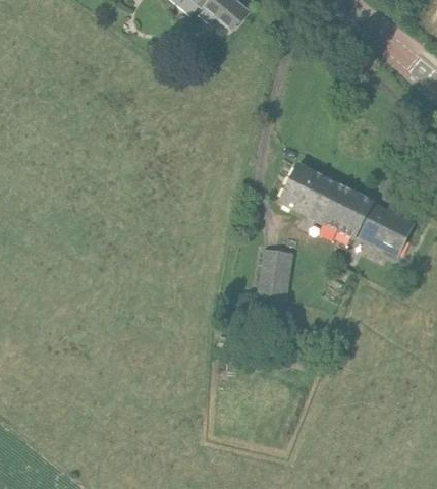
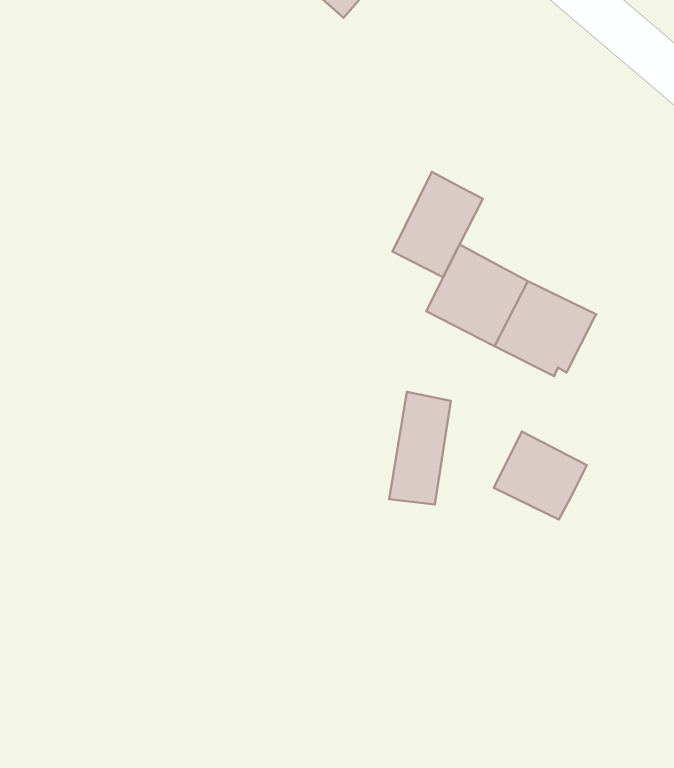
building: none -> [392,172,483,277]
building: [359,204,413,255] -> [494,432,587,519]

